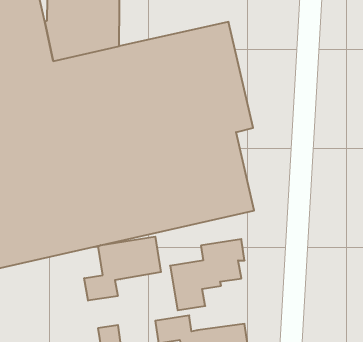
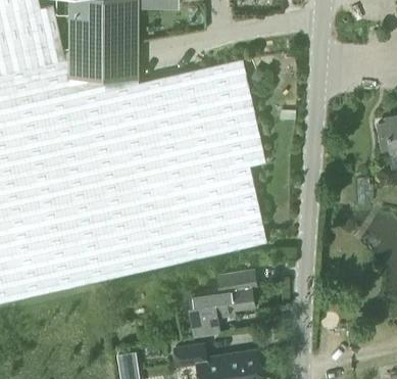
building: [84,237,161,301] -> none

